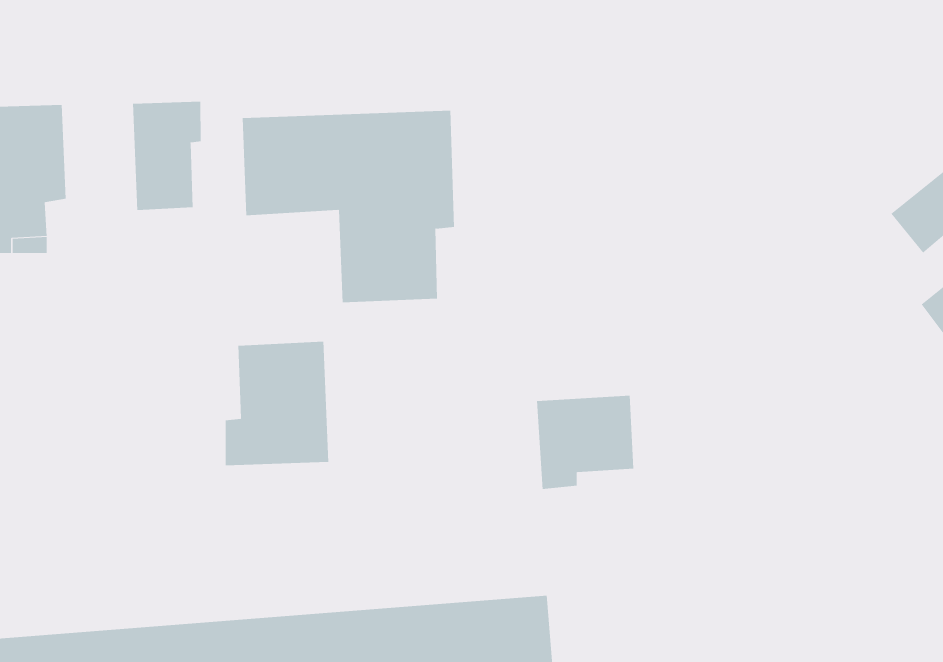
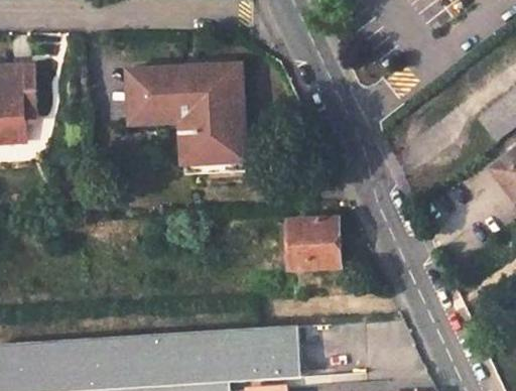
building: [133,101,201,211] -> none
building: [225,341,329,466] -> none

